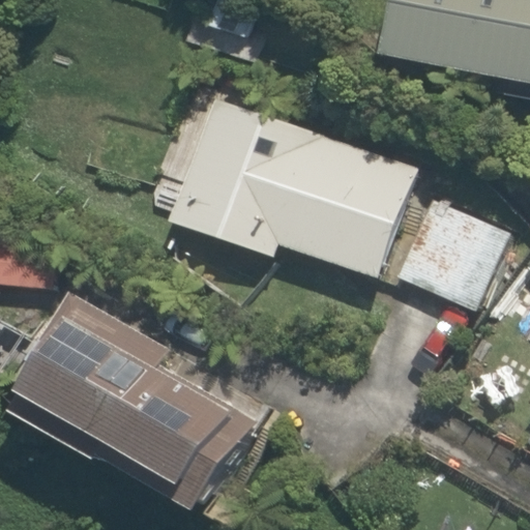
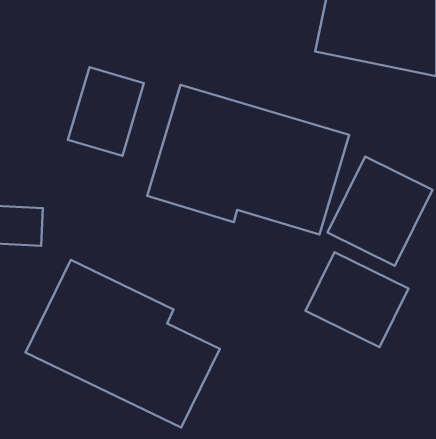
building: none -> [68,67,144,156]
building: none -> [305,252,408,347]

